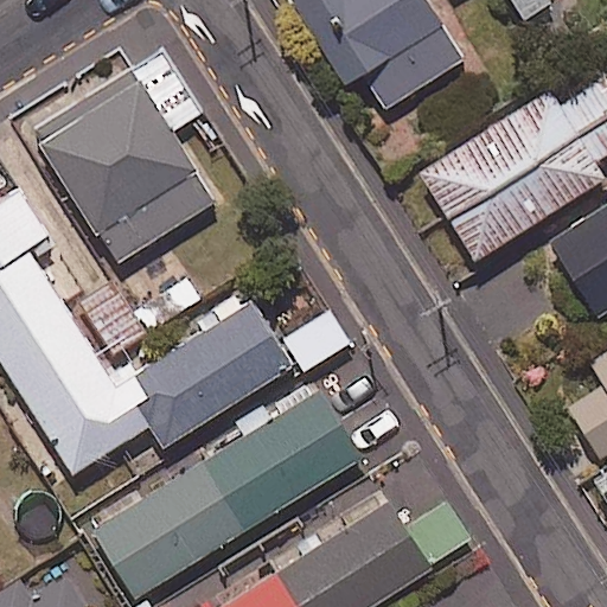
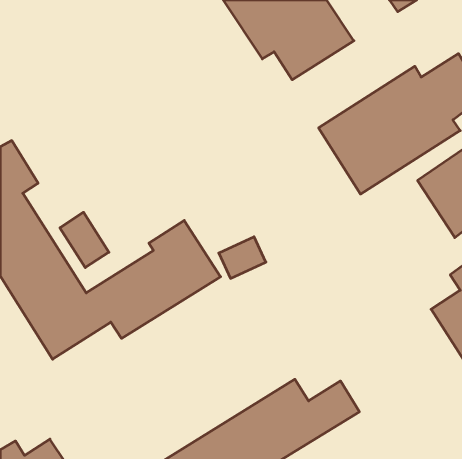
building: [34,56,215,264] -> none
building: [91,390,360,598] -> none

